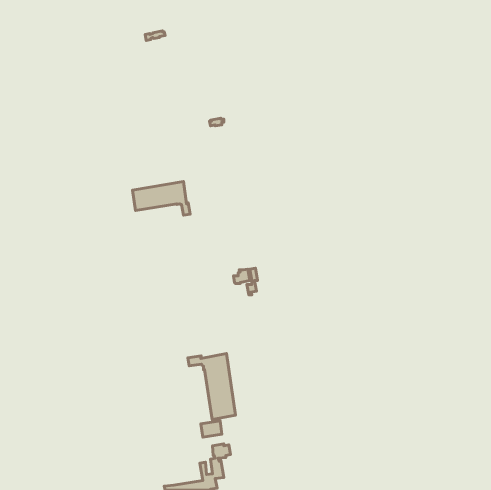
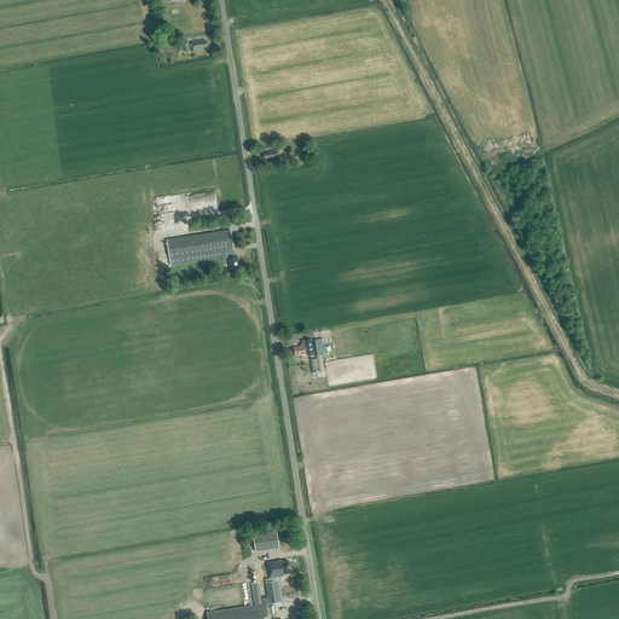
building: [188,354,235,419] -> none

